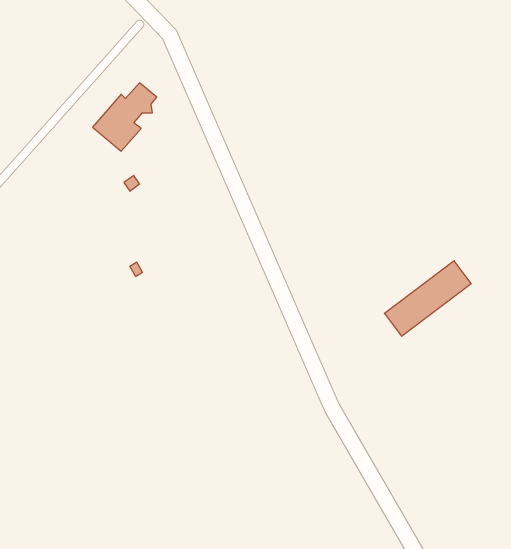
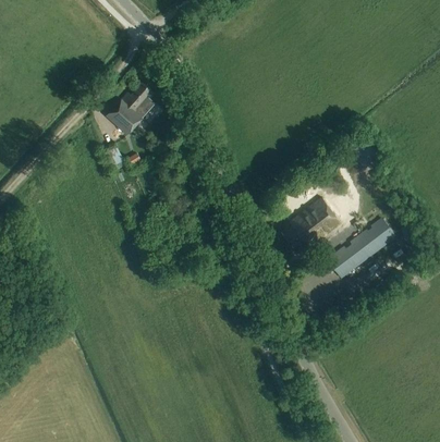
building: none -> [281,198,341,247]

